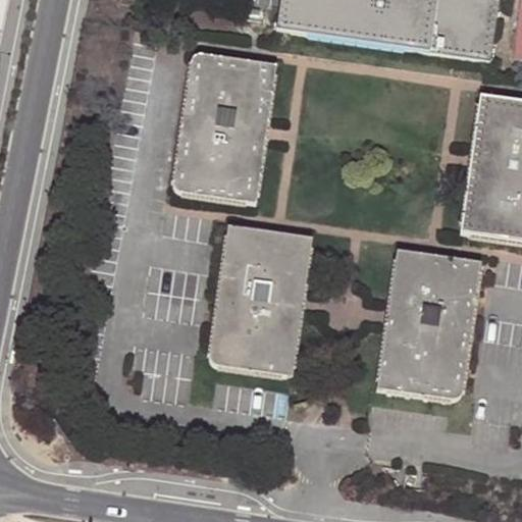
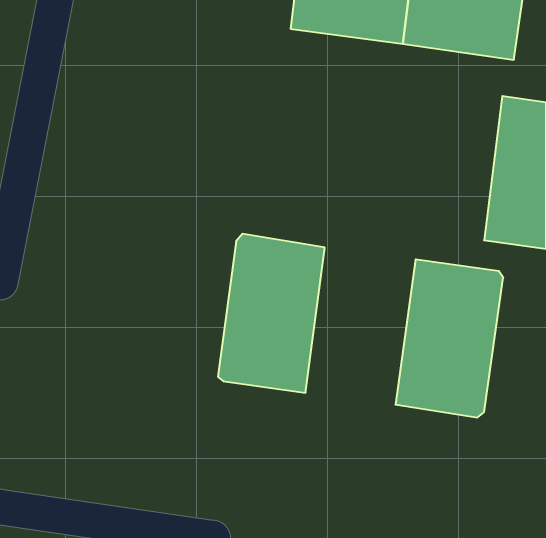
building: [174,55,277,202] -> none

